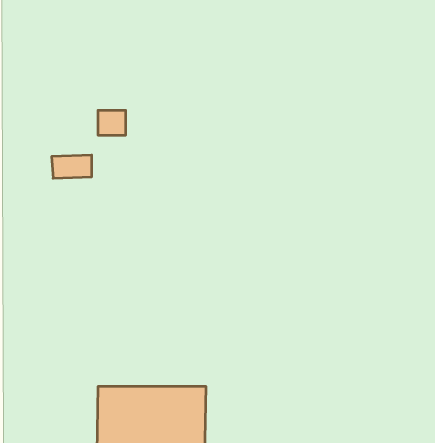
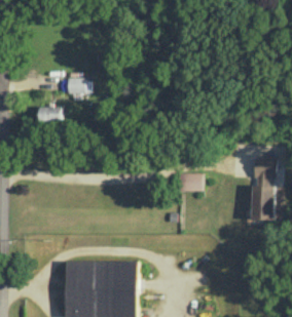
building: none -> [254,158,277,221]
building: none -> [178,172,202,191]

